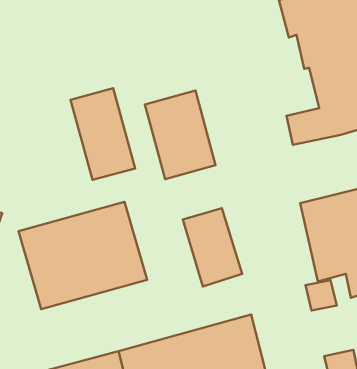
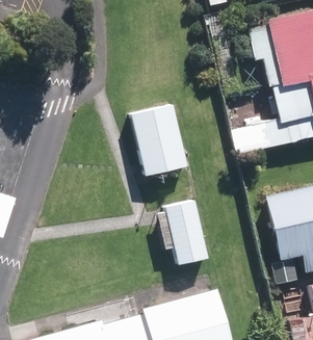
building: [71,88,135,180] -> none
building: [19,202,147,309] -> none

